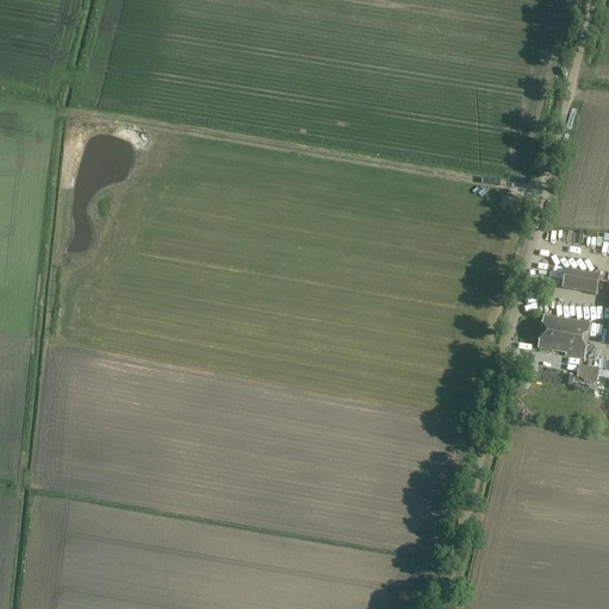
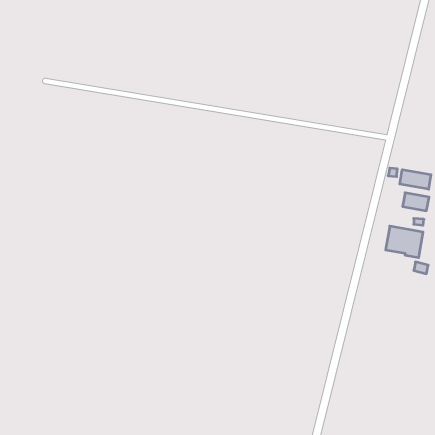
building: none -> [400,170,431,189]

